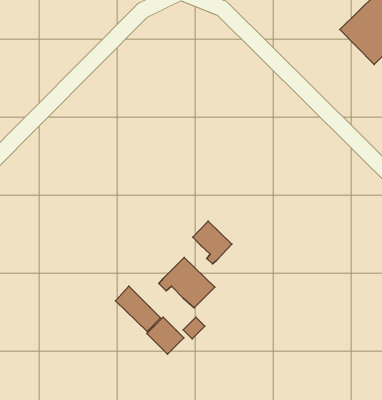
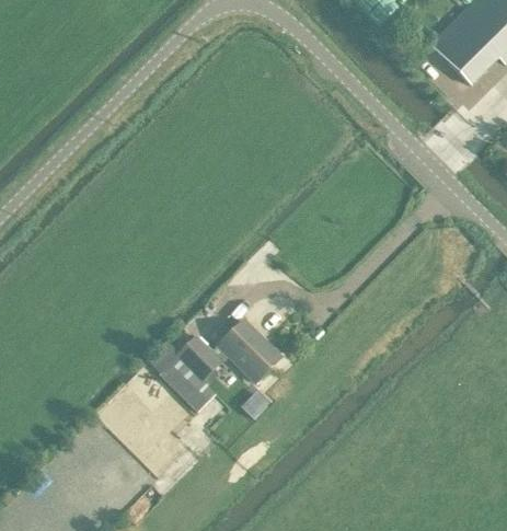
building: [193,221,232,264] -> none
building: [147,317,184,354] -> [176,334,221,379]

